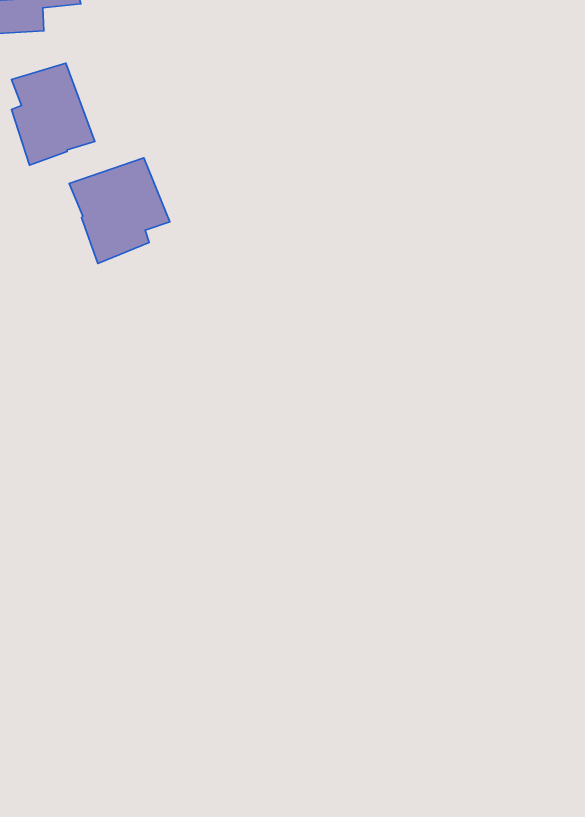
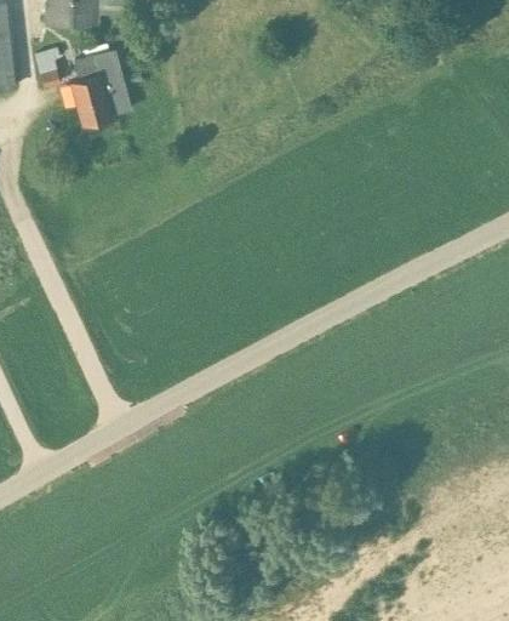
building: [69,158,170,263] -> none

